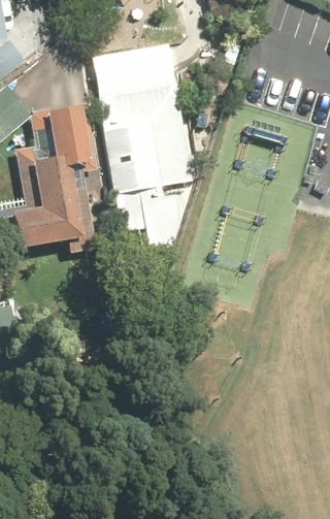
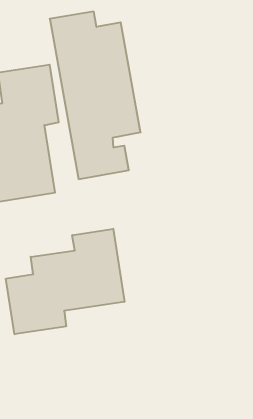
building: none -> [6,229,124,334]

